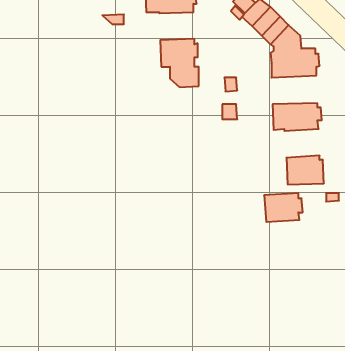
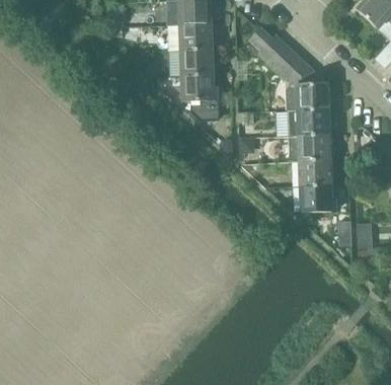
building: none -> [179,50,216,76]
building: none -> [286,109,332,137]
building: [264,193,303,222] -> [298,160,334,187]

